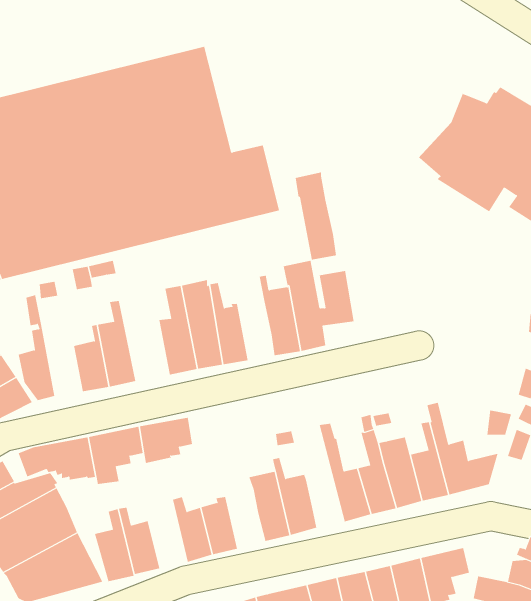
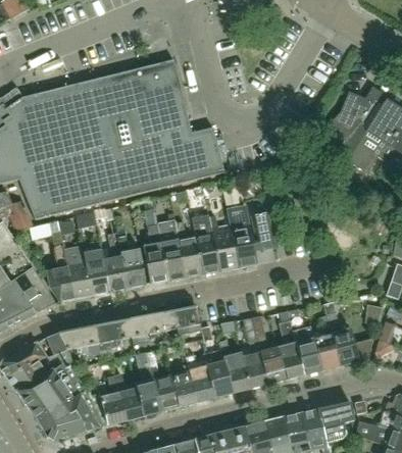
building: [295,172,337,260] -> [192,213,220,273]
building: none -> [115,223,145,288]
building: none -> [62,245,90,298]
building: none -> [162,306,202,335]
building: none -> [241,317,268,388]
building: none -> [184,349,214,402]
building: none -> [134,351,161,415]

